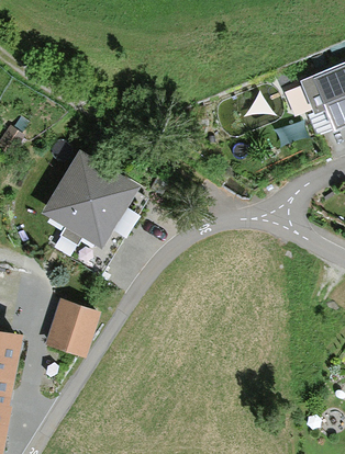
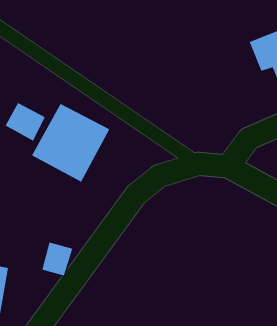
building: none -> [5,102,45,141]

